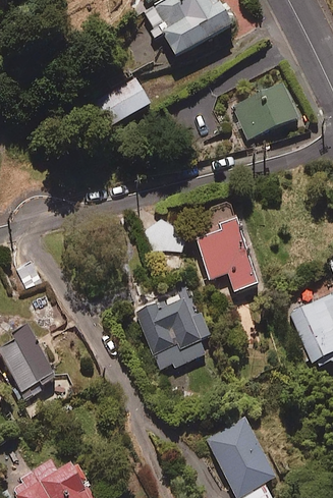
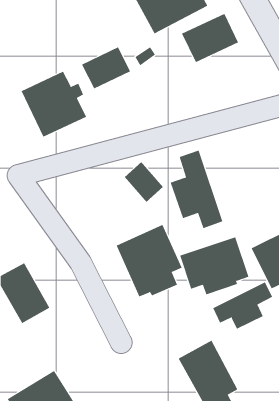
building: [234,88,300,145] -> [181,13,239,63]
building: none -> [21,71,87,138]
building: none -> [179,237,249,295]
building: none -> [212,282,273,330]

